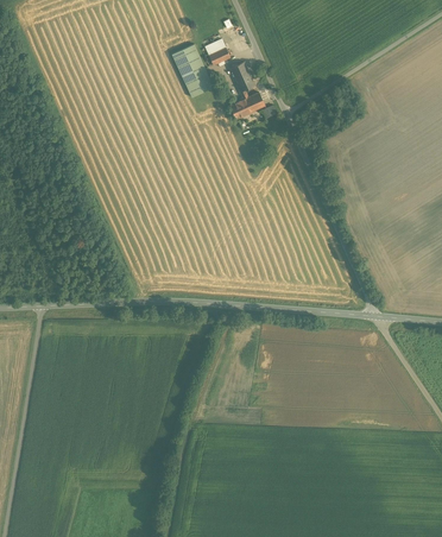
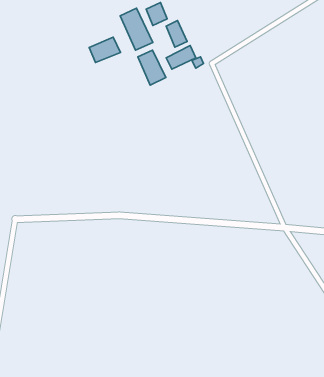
building: none -> [89,37,120,62]
building: none -> [138,50,166,85]

